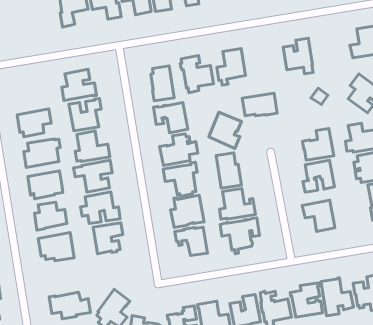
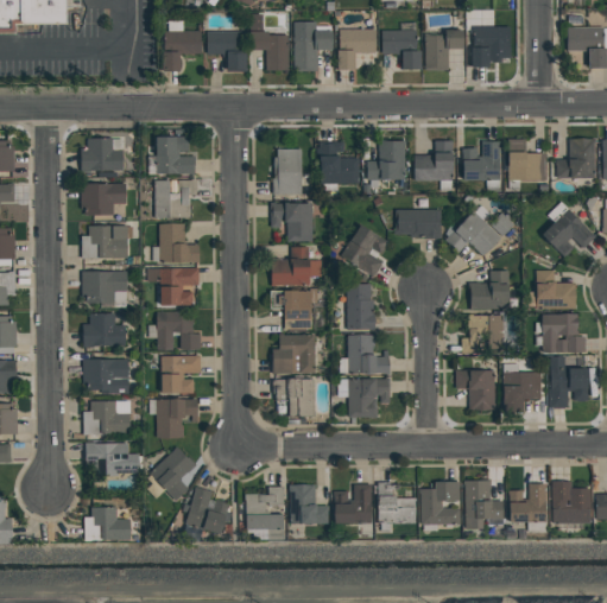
building: none -> [508,140,546,190]
building: none -> [413,141,454,191]
building: none -> [81,139,124,172]
building: none -> [445,205,501,256]
building: none -> [502,364,542,413]
building: none -> [150,399,197,438]
building: none -> [82,401,131,439]

